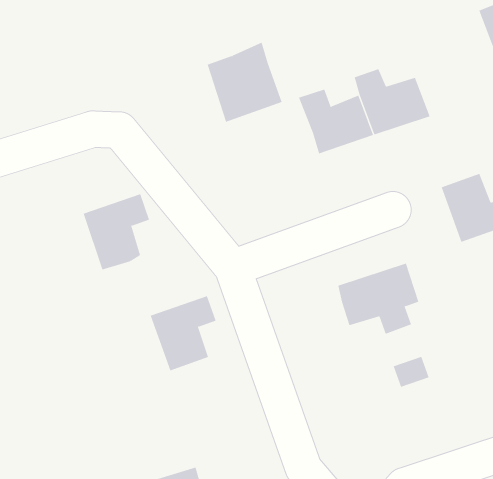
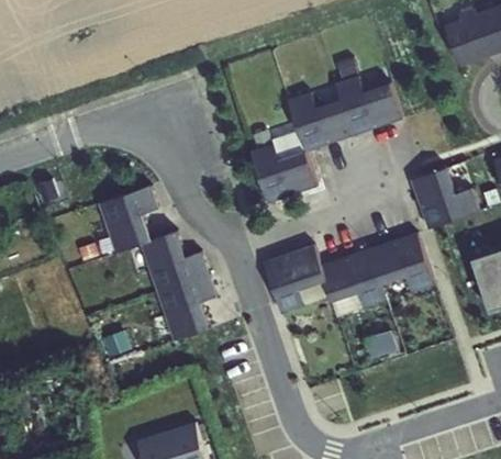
building: [207,42,282,122] -> [250,133,316,203]
building: none -> [141,232,208,292]
building: none -> [381,234,434,291]
building: none -> [264,246,324,313]

